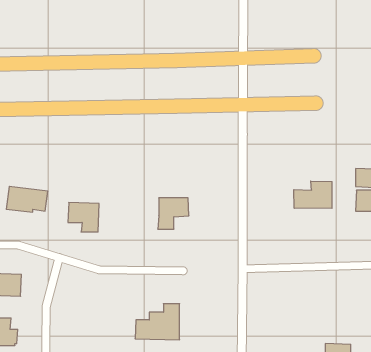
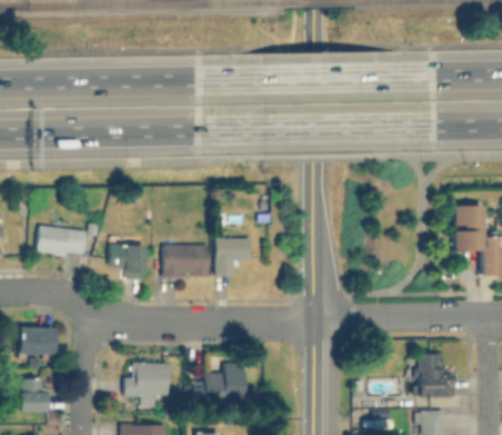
building: [294,181,332,208] -> none
building: none -> [163,245,210,277]
building: none -> [414,354,455,398]
building: none -> [120,363,170,406]

